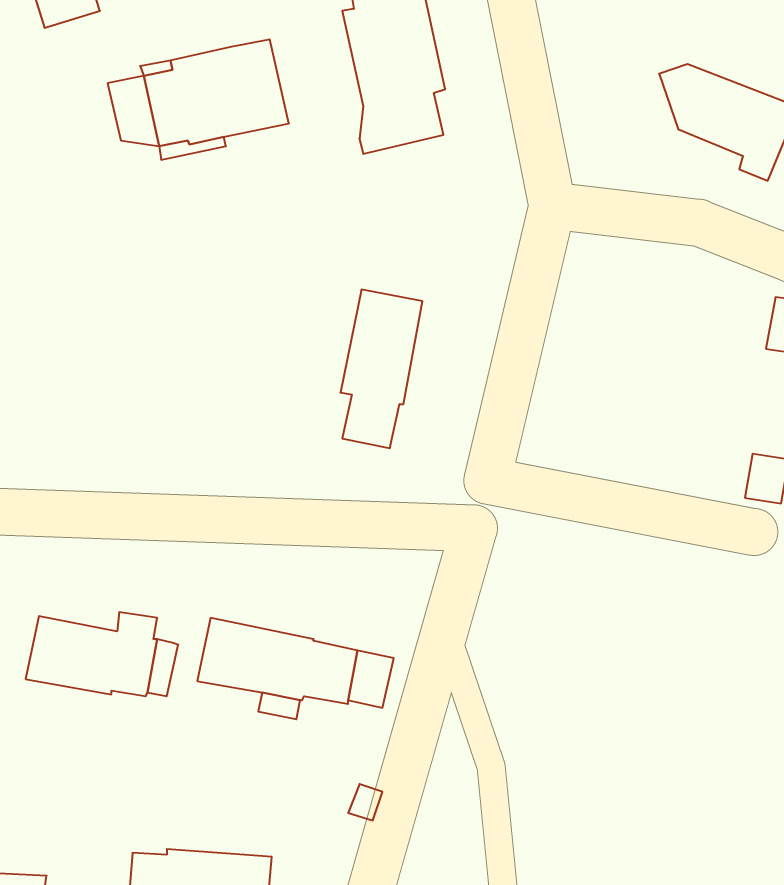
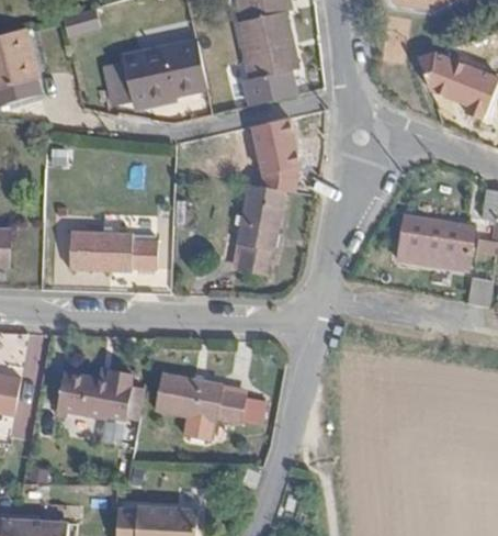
building: none -> [251,118,299,174]
building: none -> [397,216,474,270]
building: none -> [69,232,156,271]

